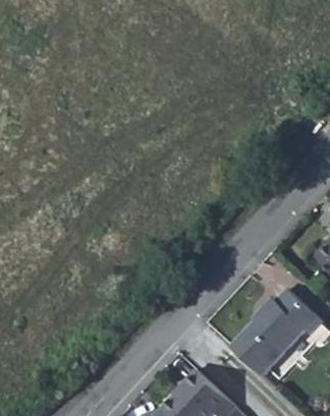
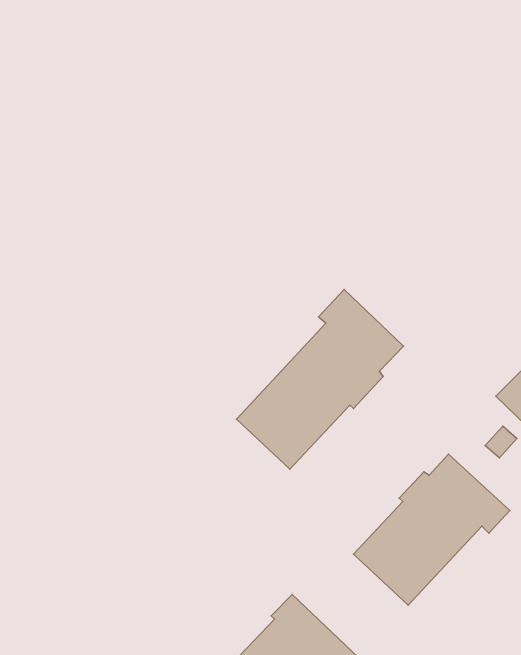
building: none -> [236,290,403,469]

